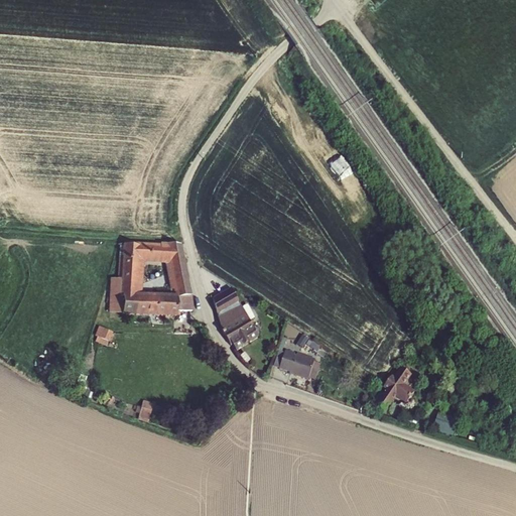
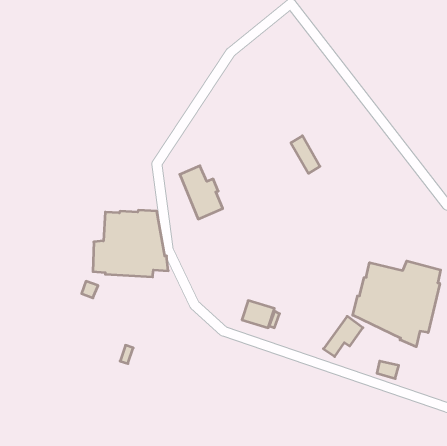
building: [210,286,259,348] -> [180,166,223,219]
building: none -> [353,261,441,347]

